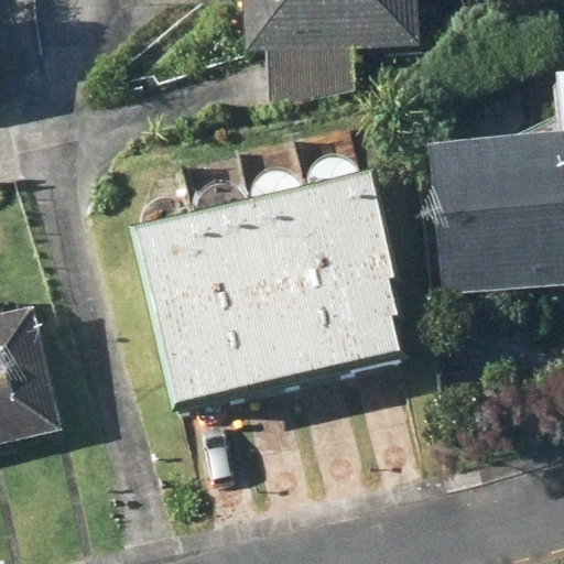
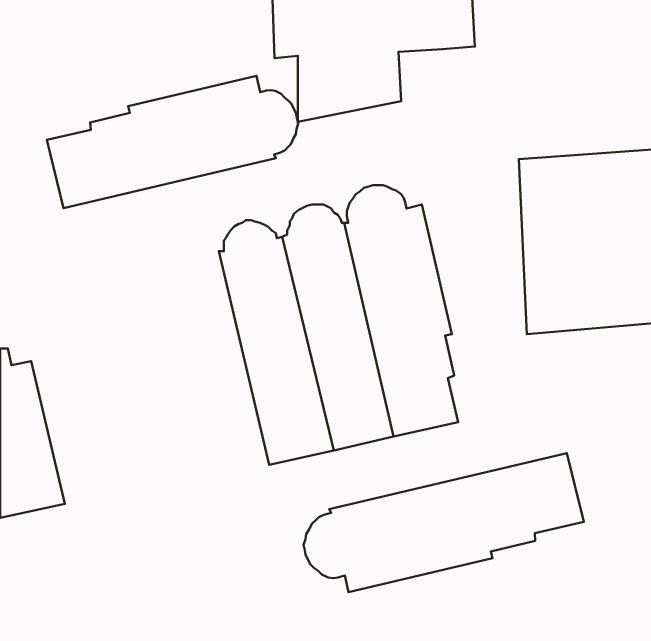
building: none -> [47,76,298,208]
building: [129,199,238,412] -> none
building: none -> [304,453,584,592]

